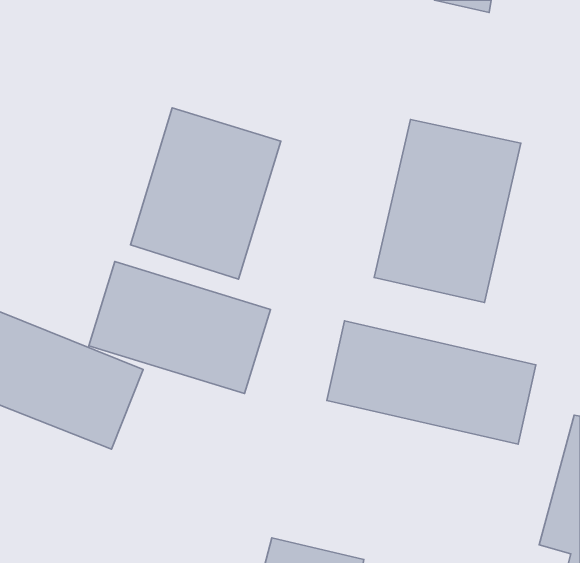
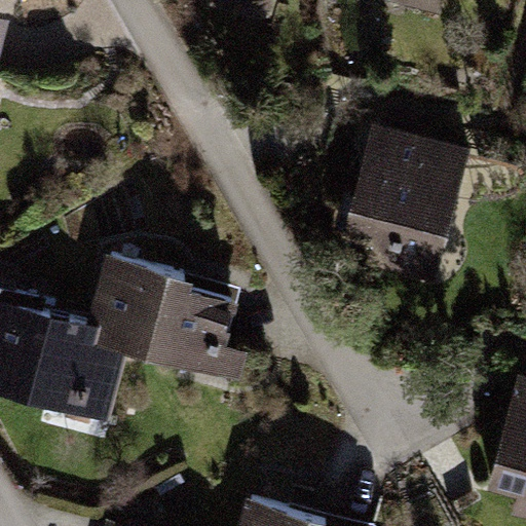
building: [130,108,281,279] -> none
building: [327,321,536,444] -> none

